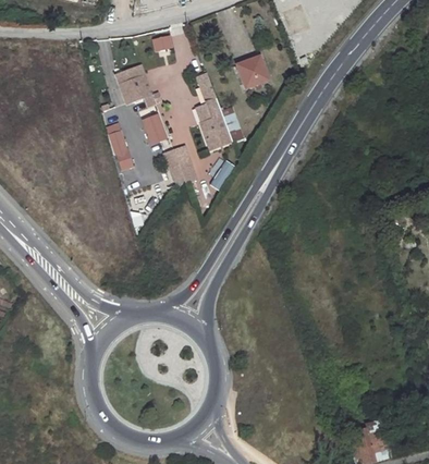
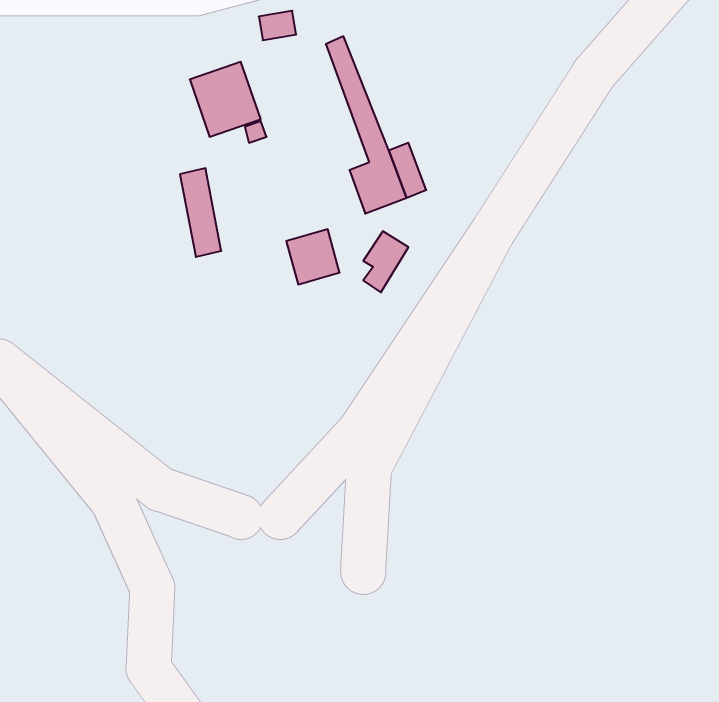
building: [234,57,265,85] -> none
building: [140,113,166,144] -> none

